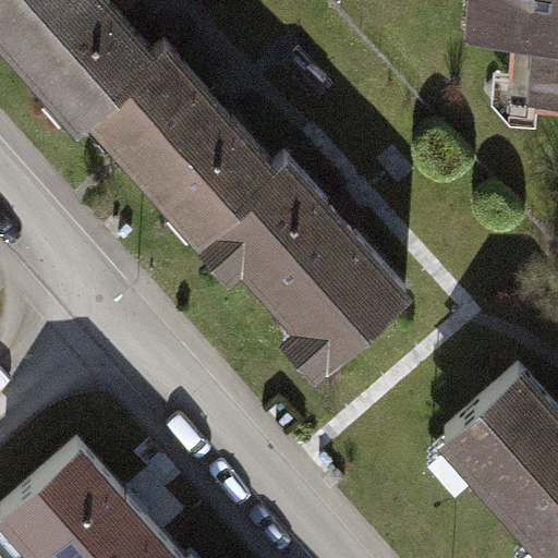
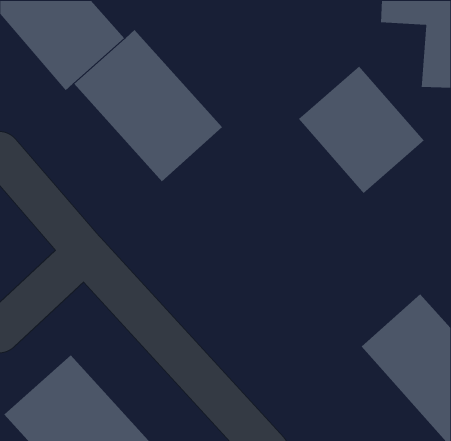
building: none -> [298,65,425,194]
building: [199,161,404,375] -> none

